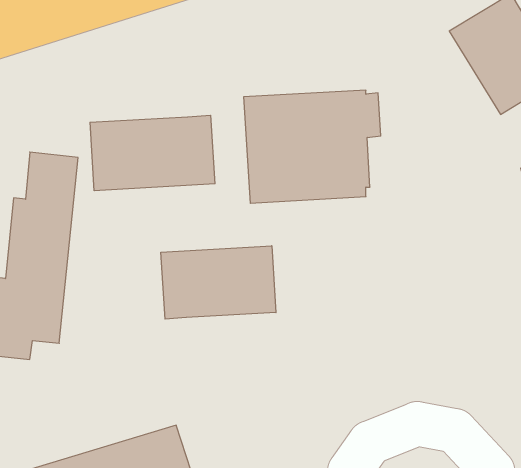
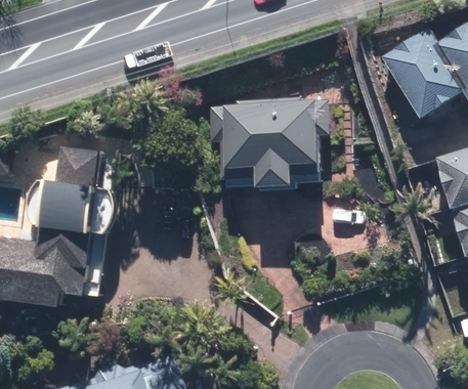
building: [90,115,215,191] -> none
building: [161,246,276,319] -> none

